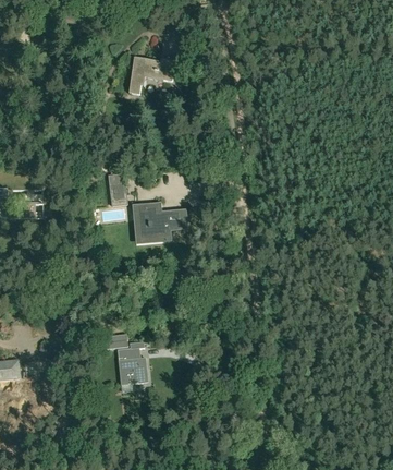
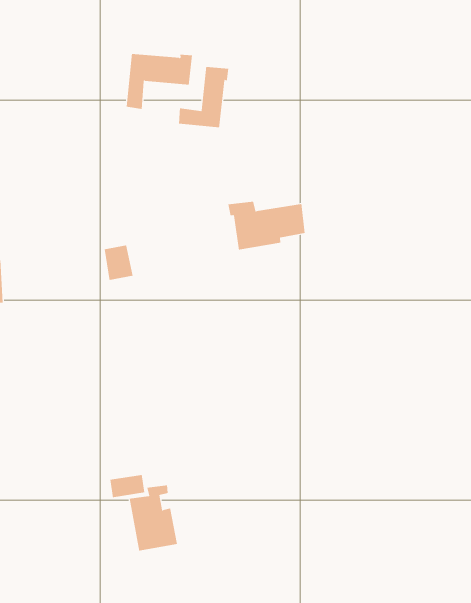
building: none -> [178,66,229,128]
building: [136,206,186,238] -> [228,201,305,250]

